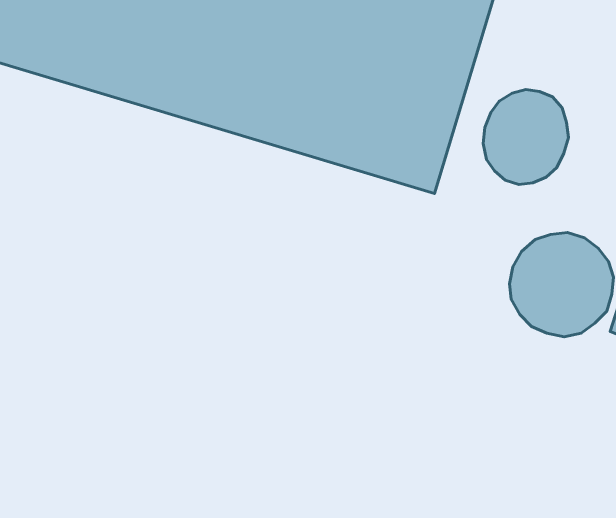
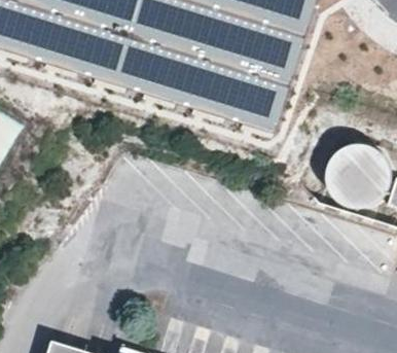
building: [483,90,569,184] -> none

